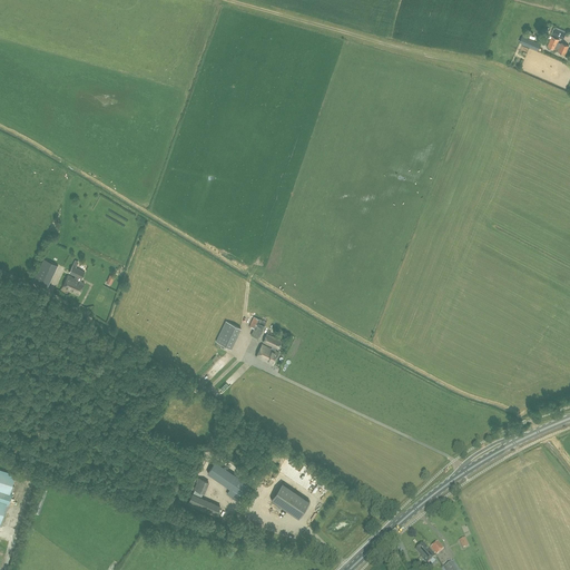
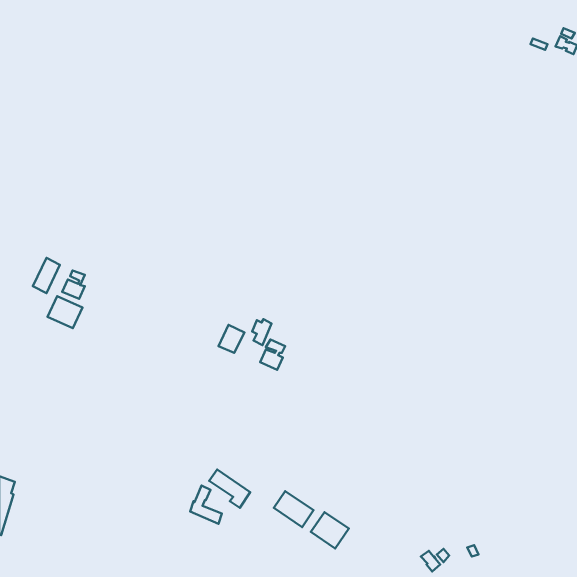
building: none -> [48,296,82,328]
building: none -> [311,512,349,549]

